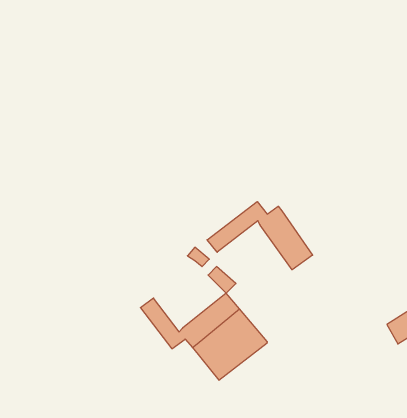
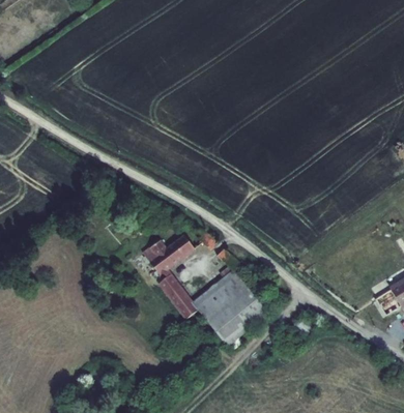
building: [207,202,313,270] -> none
building: none -> [143,234,195,274]

